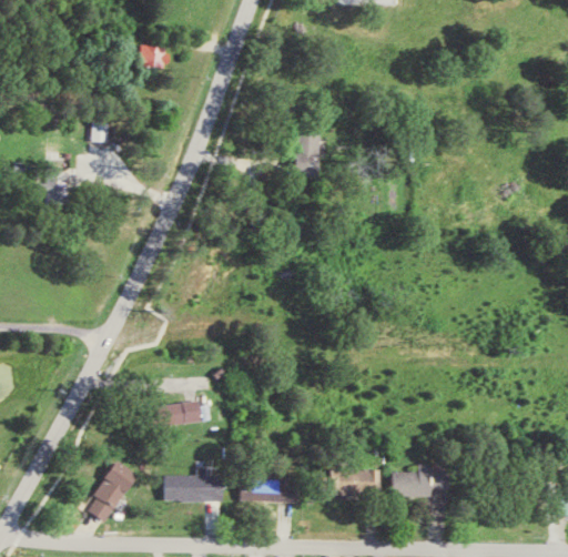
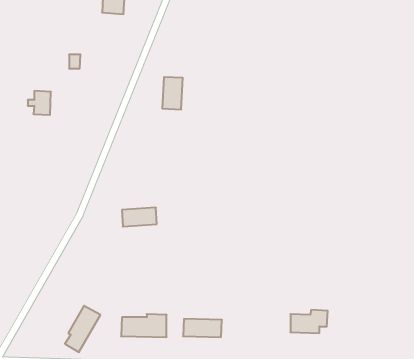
building: [293,133,321,176] -> [162,77,183,109]
building: [155,402,202,427] -> [122,208,157,227]
building: [329,469,379,494] -> none

